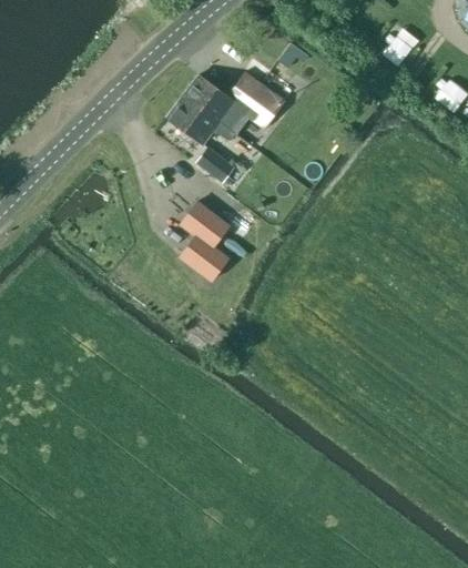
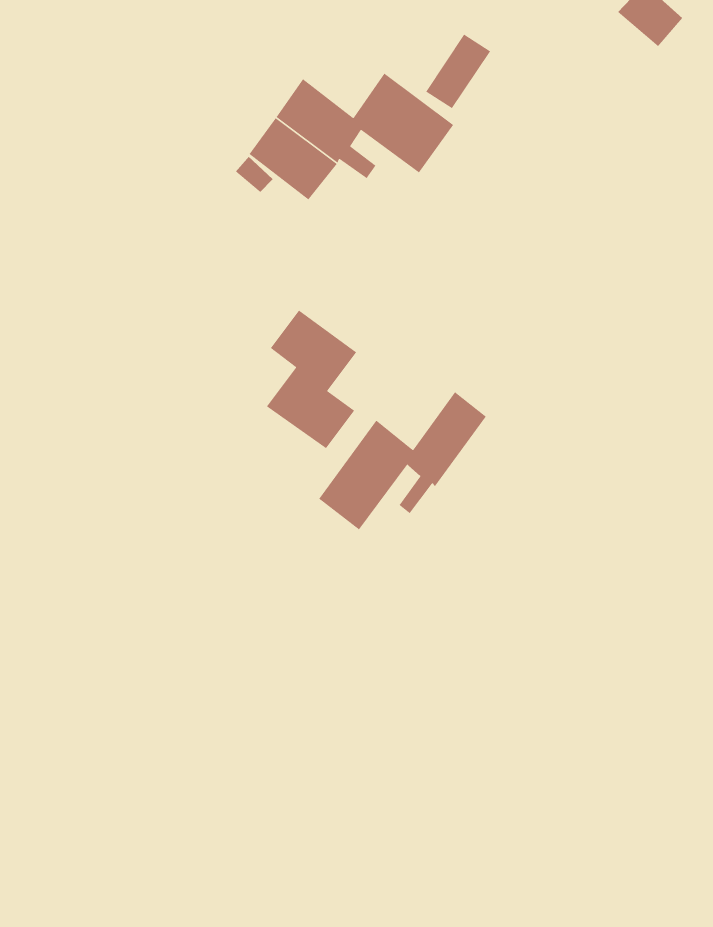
building: [195,145,236,183] -> none
building: none -> [318,391,487,531]

